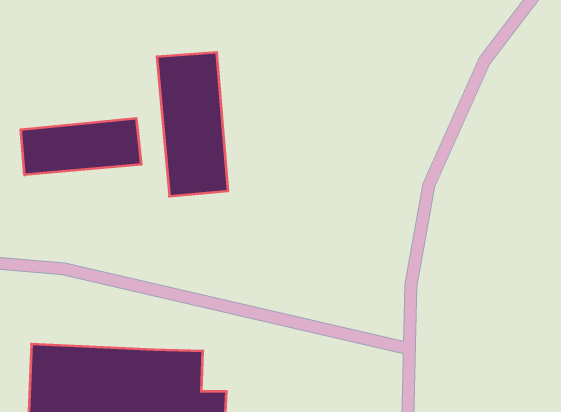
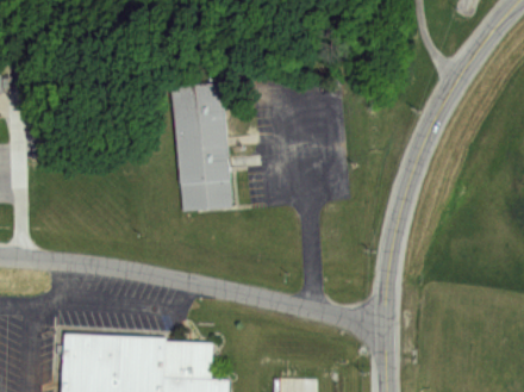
building: [21,118,141,175] -> none

